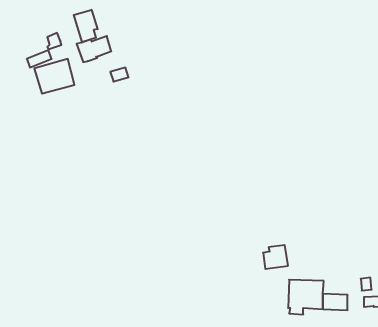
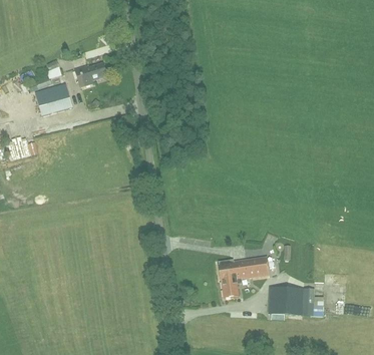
building: [74,10,98,42] -> none
building: none -> [219,259,249,297]

